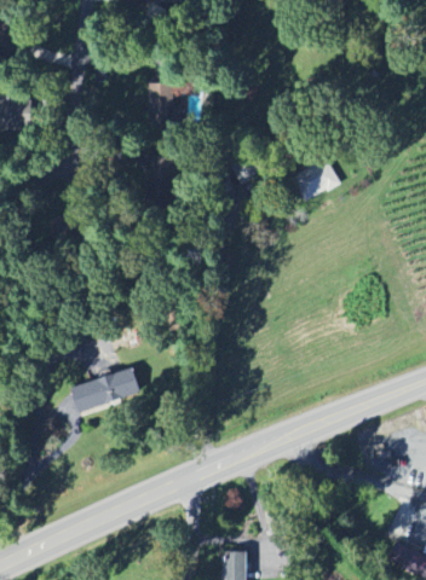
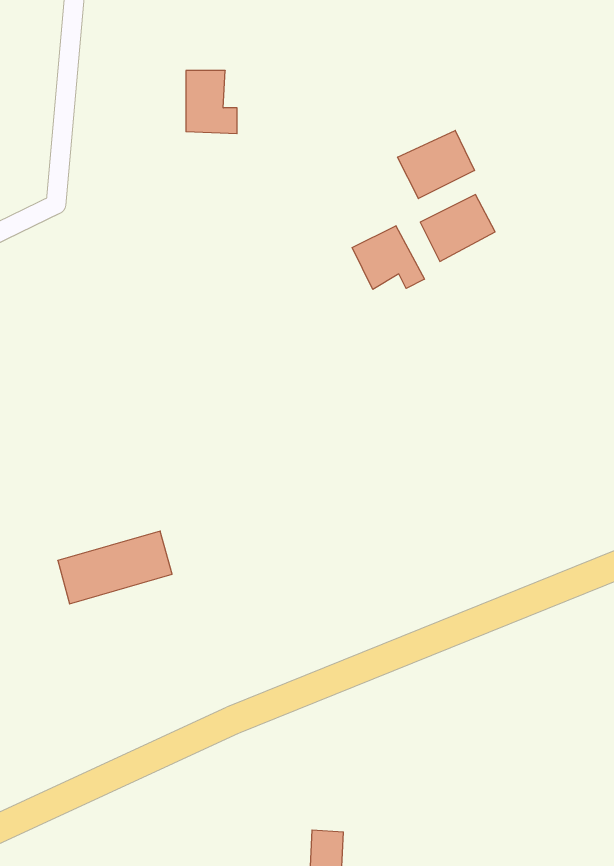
building: none -> [398,130,474,199]
building: none -> [352,226,424,289]

